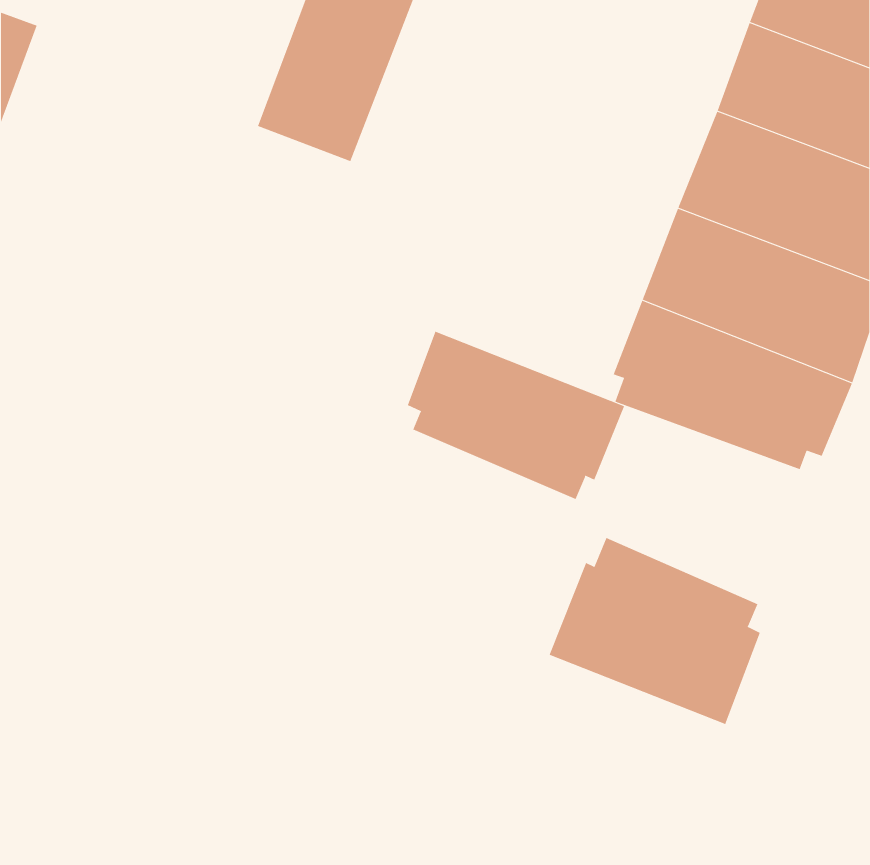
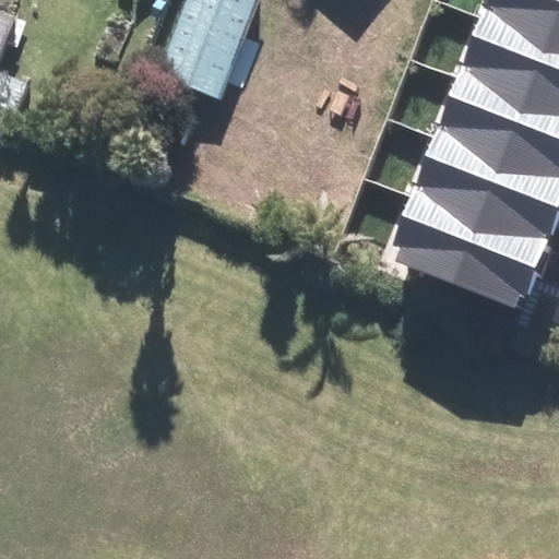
building: [407,331,625,500] -> none
building: [549,537,761,725] -> none

